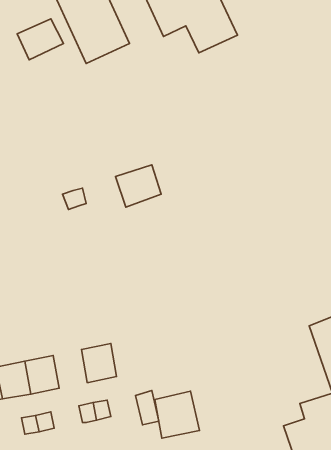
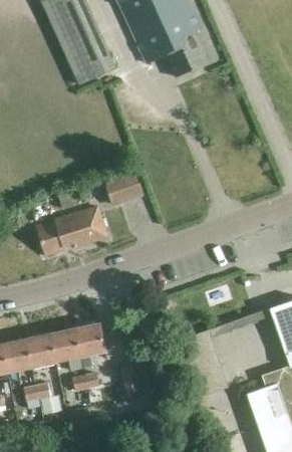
building: [17,19,63,60] -> none
building: none -> [36,207,106,255]
building: none -> [51,328,83,369]
building: [155,391,199,438] -> none

